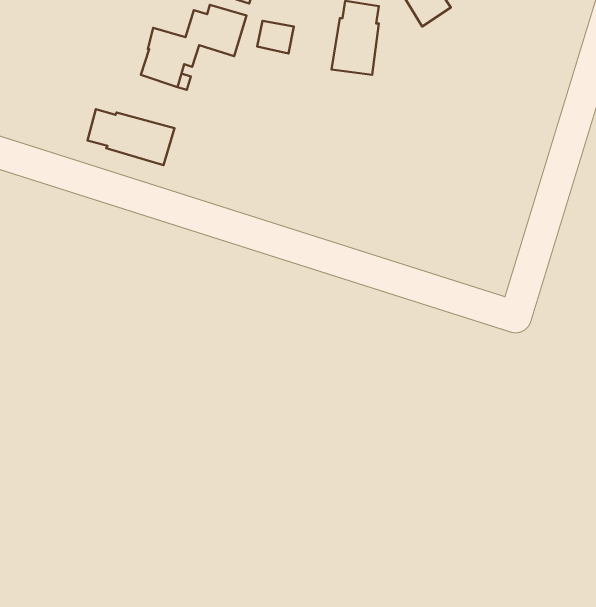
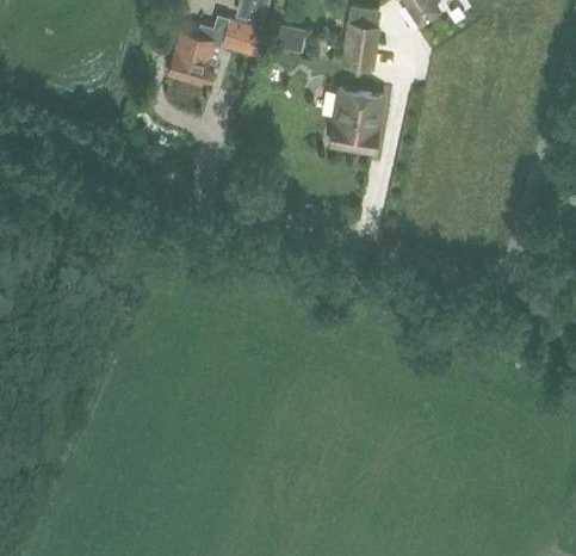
building: none -> [329,88,384,153]
building: [88,109,174,165] -> none

